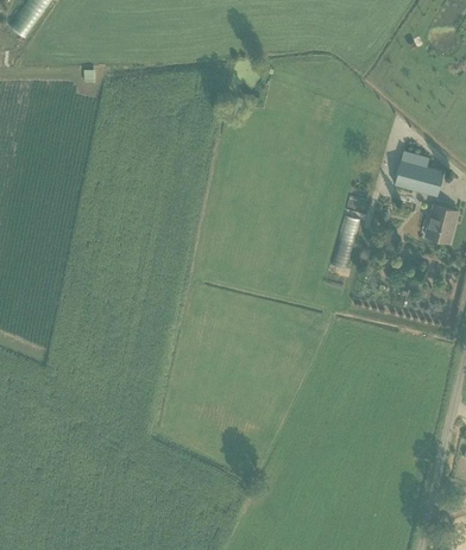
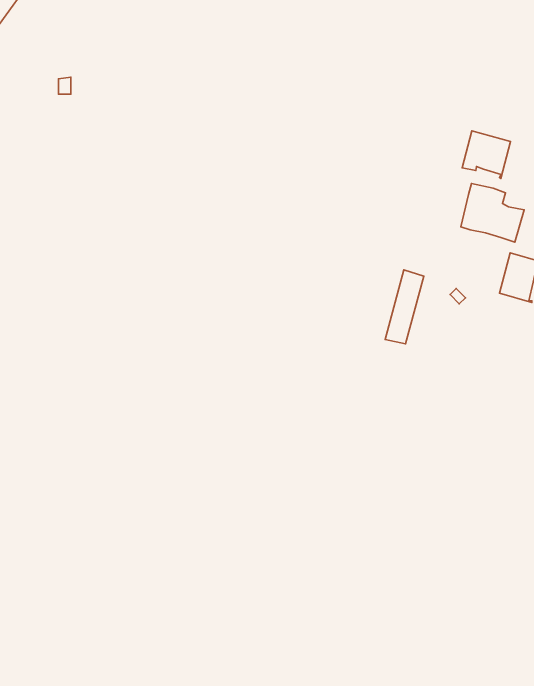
building: none -> [462,131,510,178]

